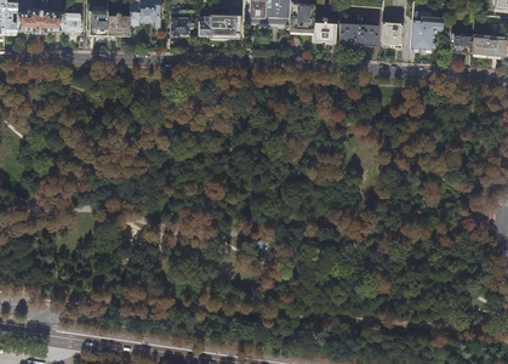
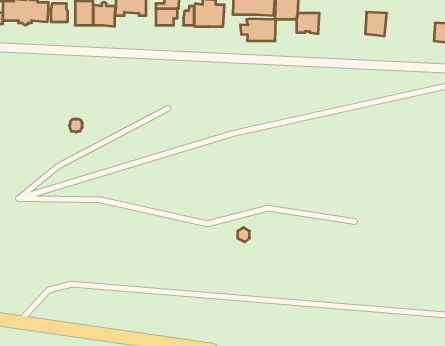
building: [410,15,444,50] -> none
building: [338,23,377,46] -> none
building: none -> [240,19,276,41]

